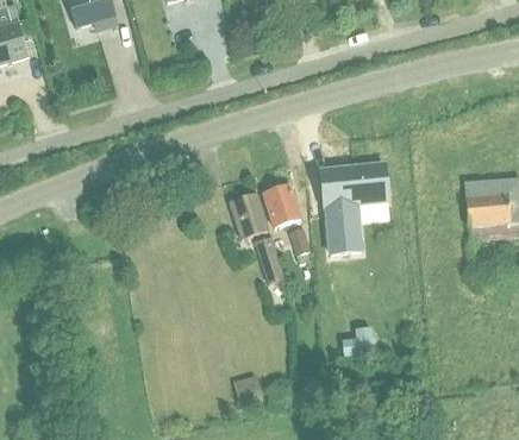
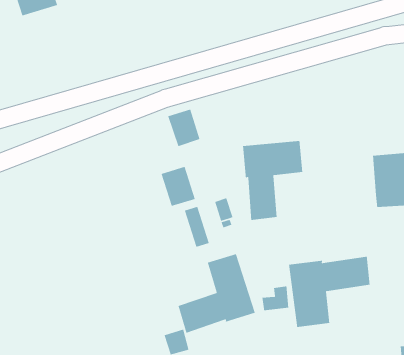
building: [262,184,299,227] -> [167,108,201,147]
building: none -> [178,253,256,334]
building: none -> [288,256,371,328]

